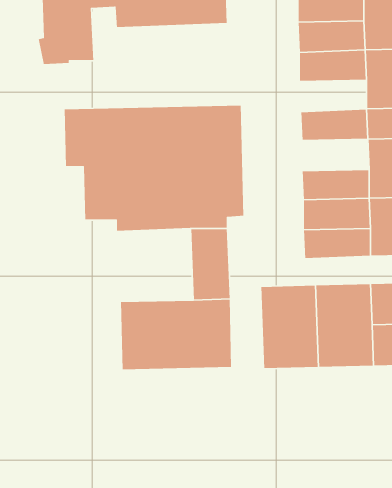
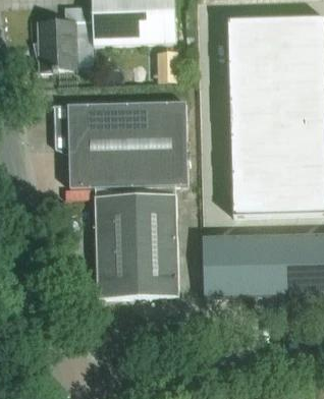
building: none -> [229,82,279,106]
building: none -> [231,126,281,150]
building: none -> [94,192,151,246]

